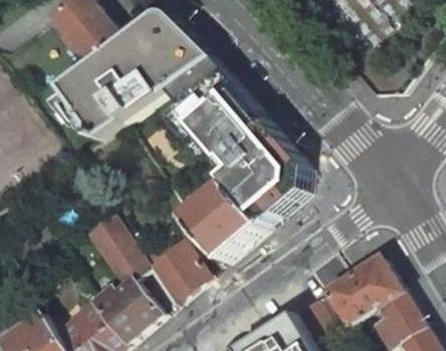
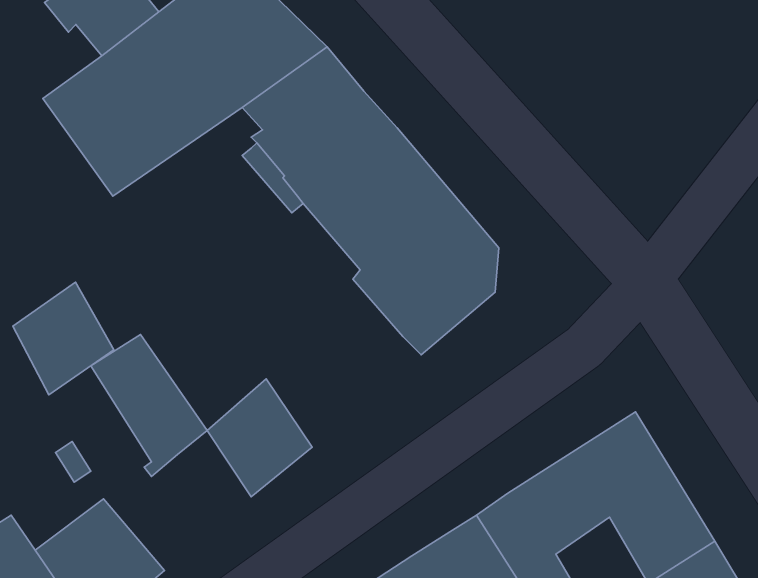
building: [183,184,262,261] -> none
building: none -> [13,282,114,395]
building: [89,279,158,342] -> none

